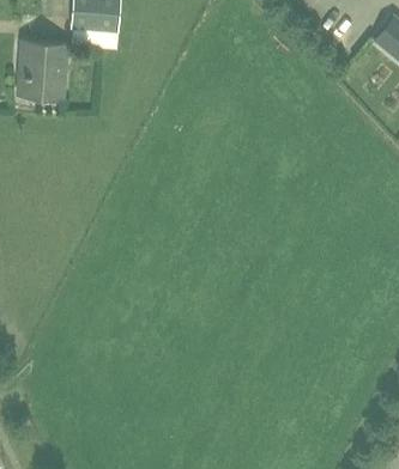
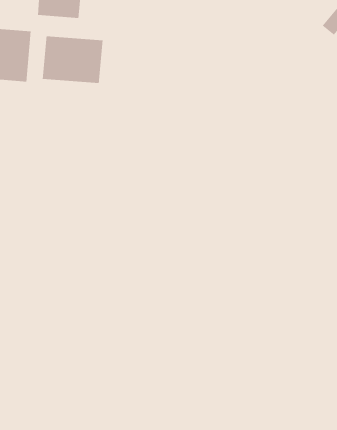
building: none -> [42,35,103,84]

